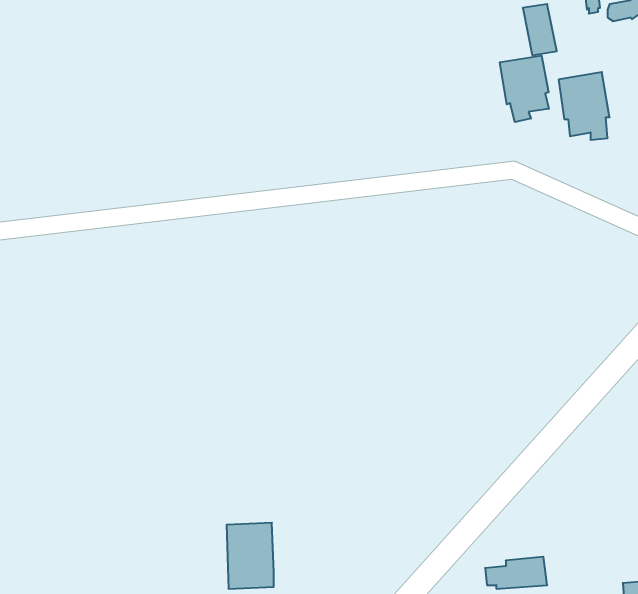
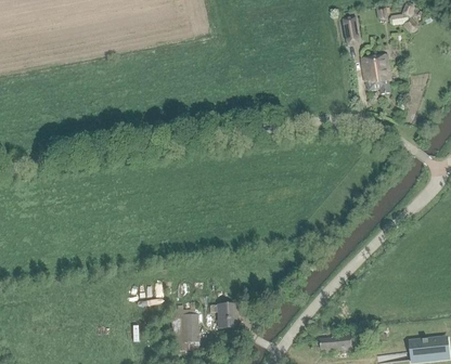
building: [500,56,549,122] -> none
building: none -> [209,302,235,326]

